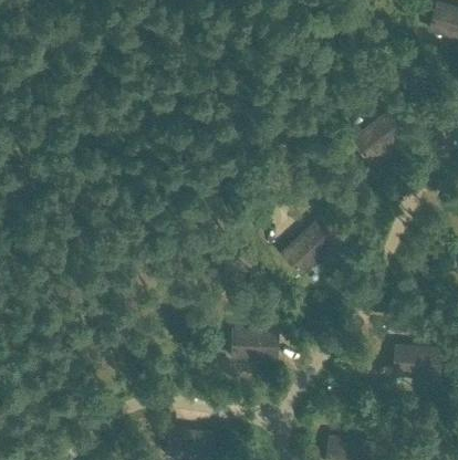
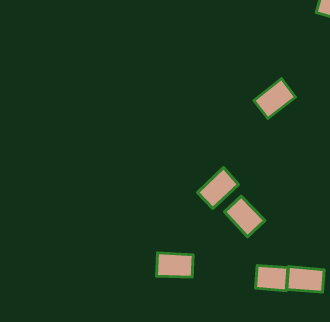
building: none -> [225,196,265,237]
building: none -> [255,265,288,291]

